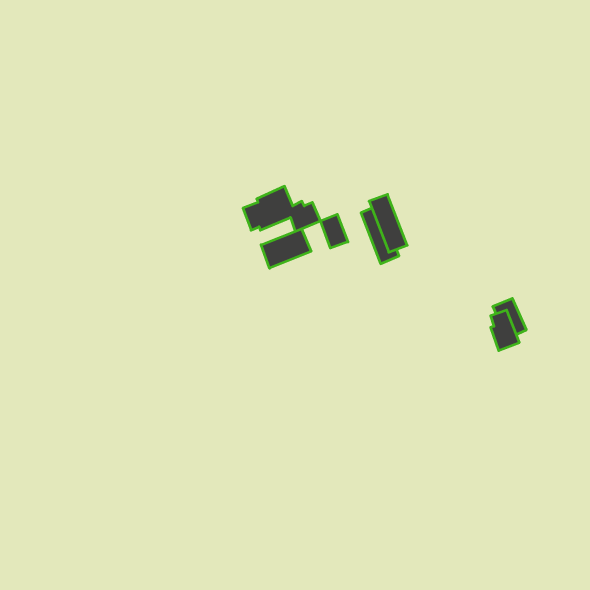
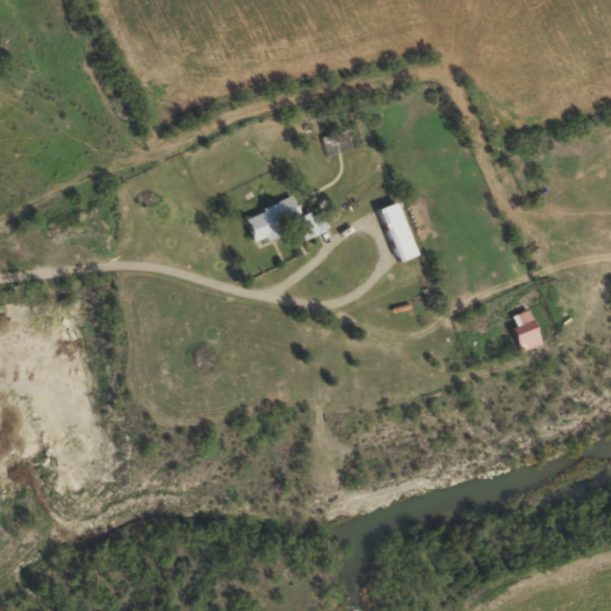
building: [320,214,348,248] -> none
building: [261,229,311,268] -> none

